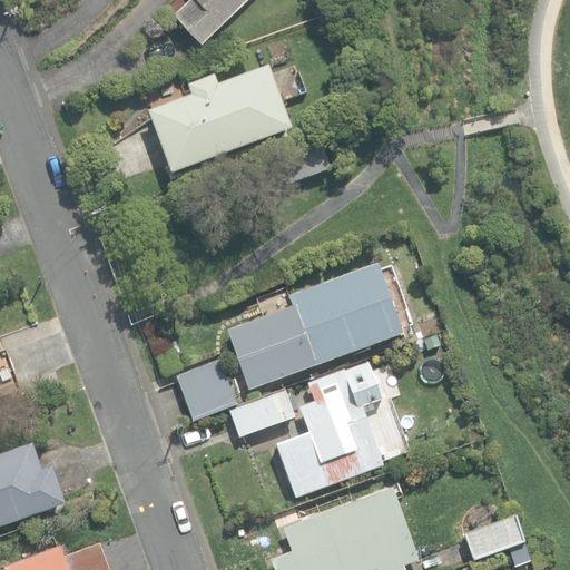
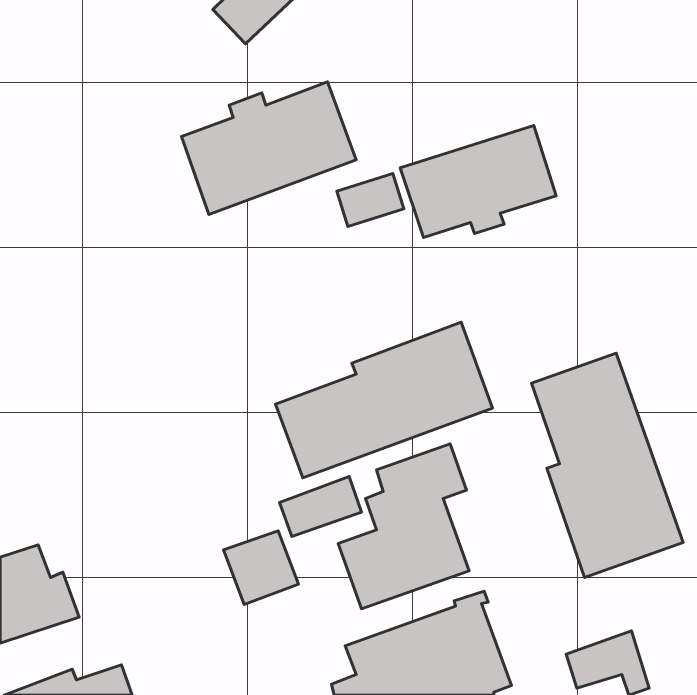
building: none -> [400,125,556,238]
building: none -> [531,353,683,578]
building: [175,360,236,420] -> [224,531,299,605]

